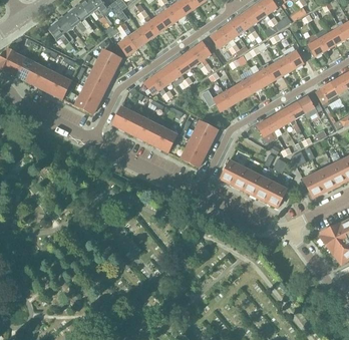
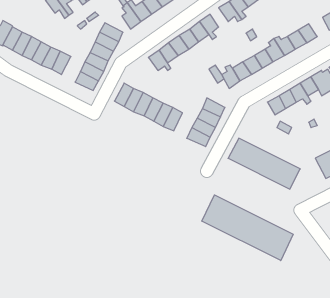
building: none -> [202,195,293,261]

